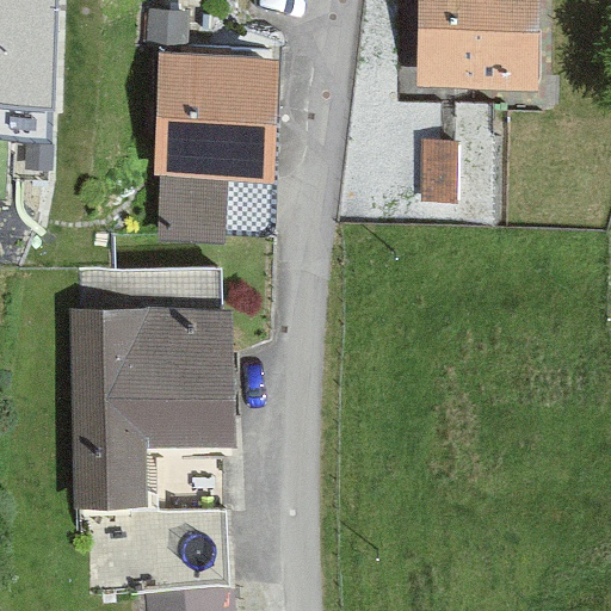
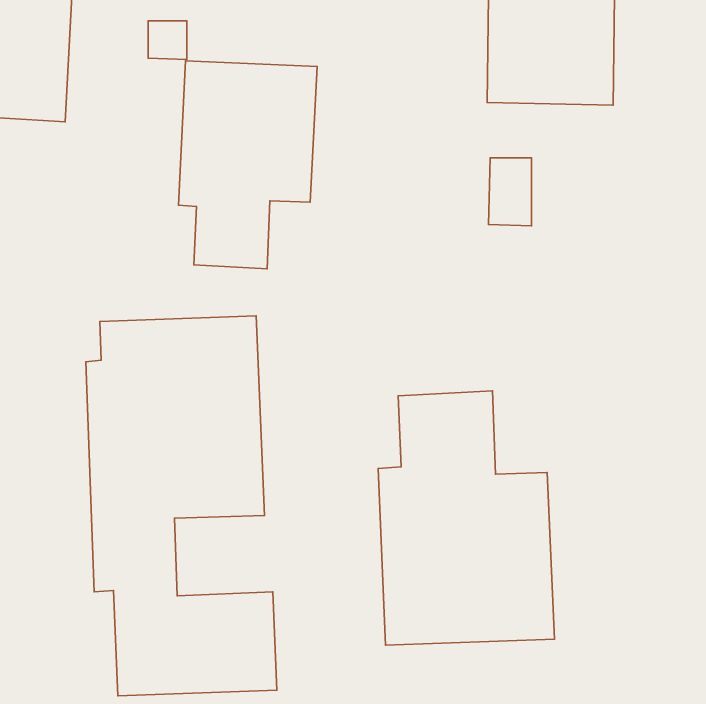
building: none -> [378,391,555,645]

